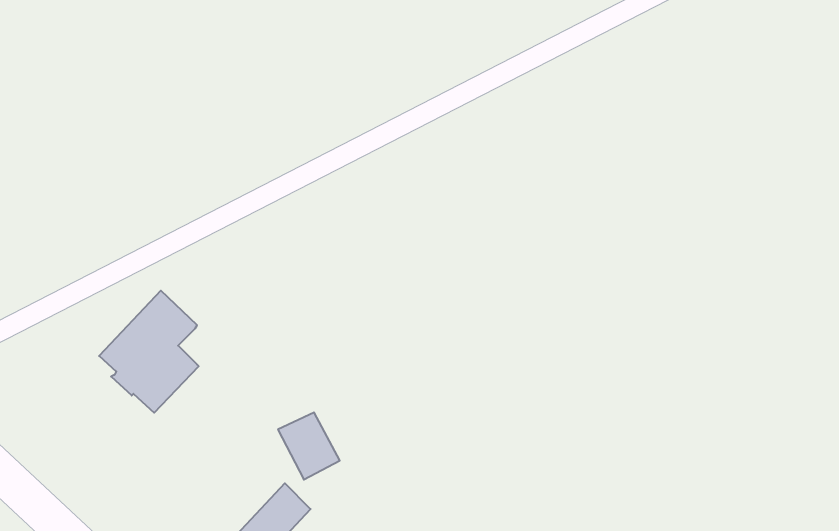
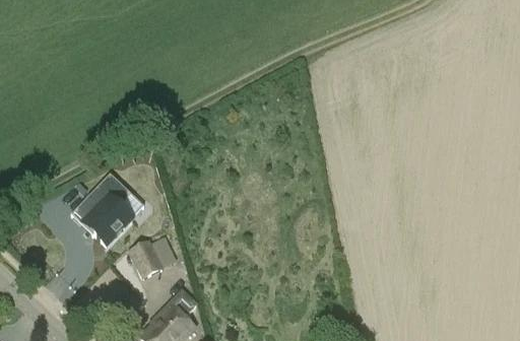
building: [278,412,340,480] -> [127,240,164,279]

